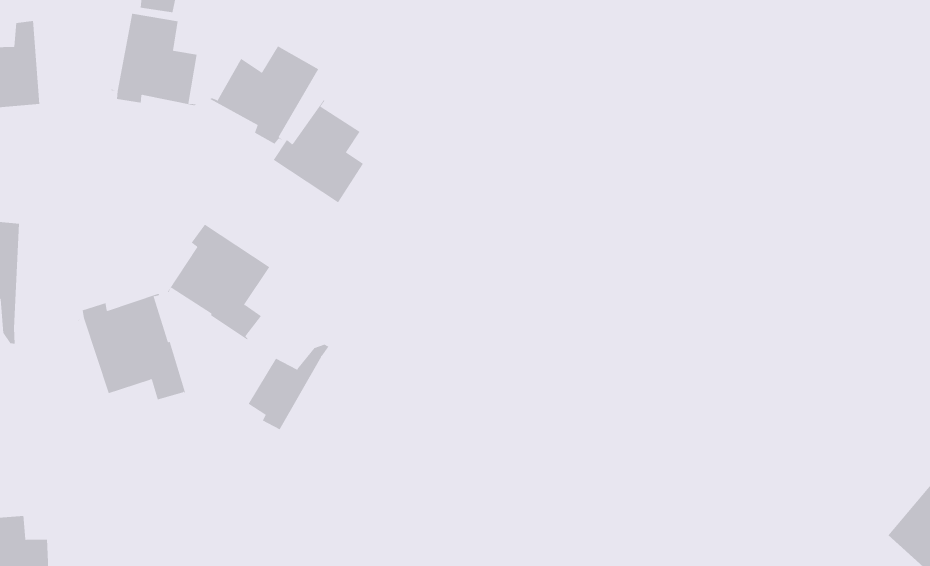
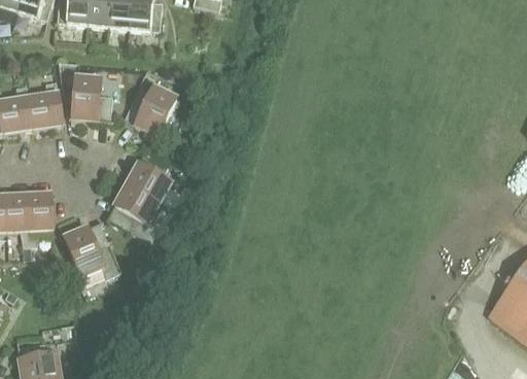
building: none -> [25,80,62,128]
building: [273,99,364,203] -> [122,148,170,202]
building: none -> [27,190,51,245]
building: [248,344,329,430] -> none

